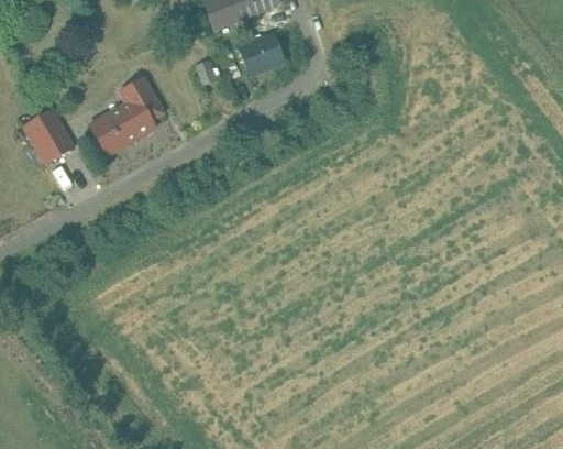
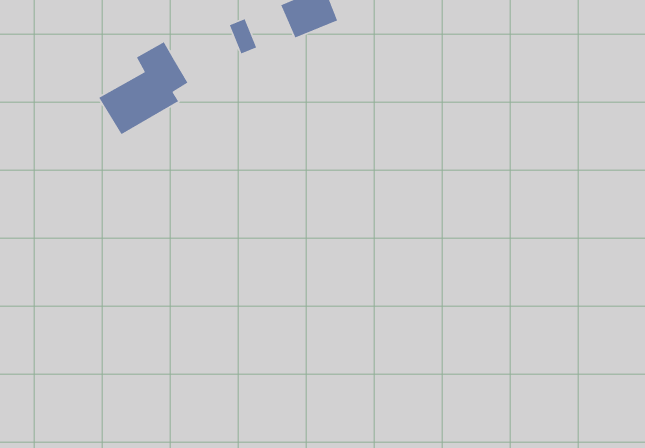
building: [23,108,74,164] -> none

